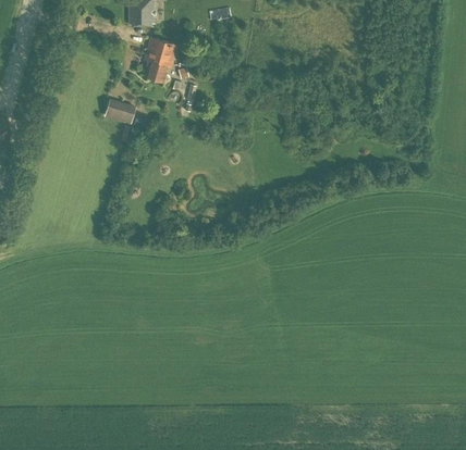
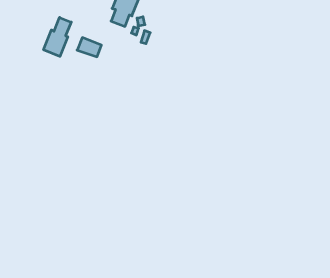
building: none -> [44,17,71,56]

